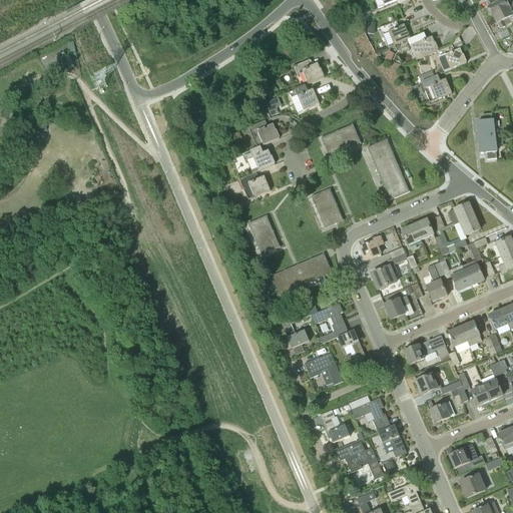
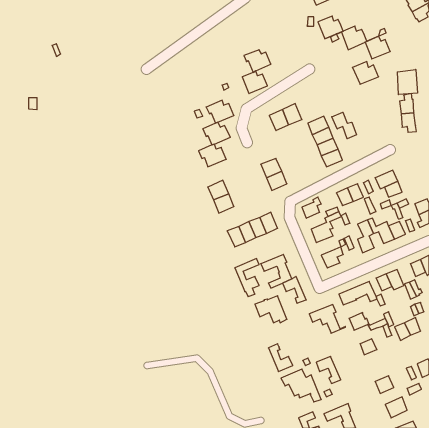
building: none -> [397,69,417,95]
building: none -> [332,112,357,139]
building: [351,397,394,431] -> [309,305,345,333]

